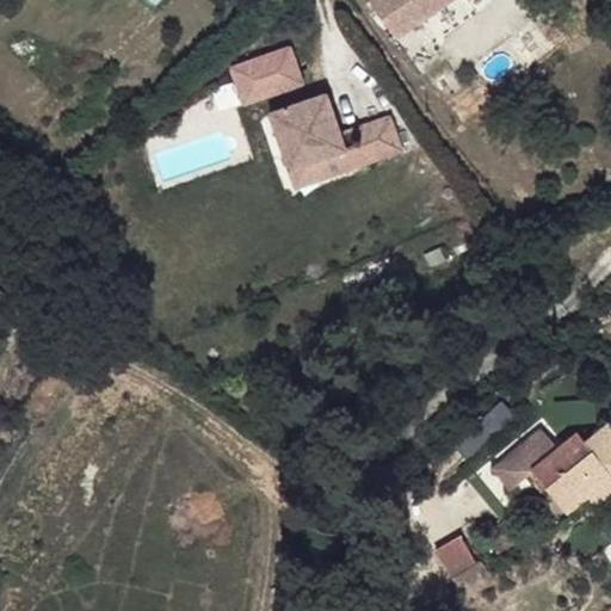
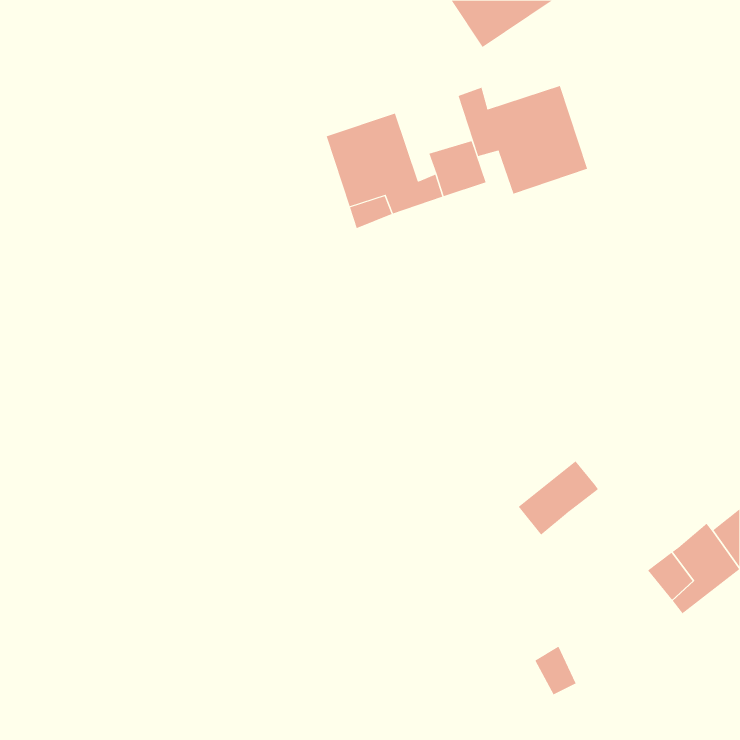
building: [230,44,308,106] -> none
building: none -> [458,85,588,195]
building: [492,427,558,489] -> [518,460,599,536]

